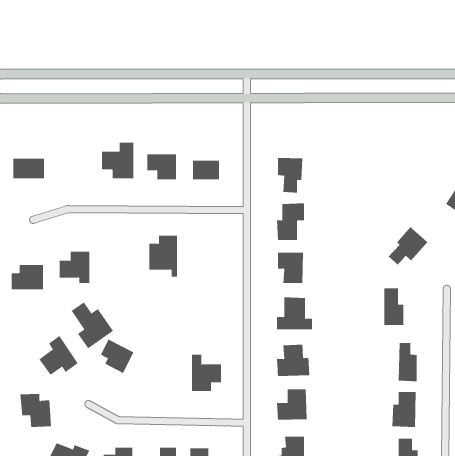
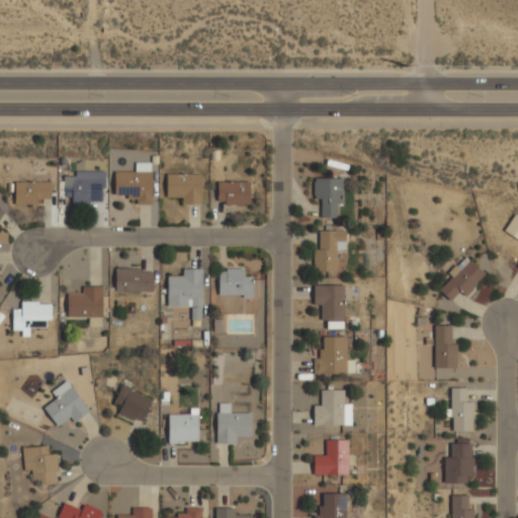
building: none -> [65,177,103,203]
building: none -> [117,267,154,290]
building: none -> [221,267,254,297]
building: [71,302,114,349] -> none
building: none -> [170,408,200,443]

